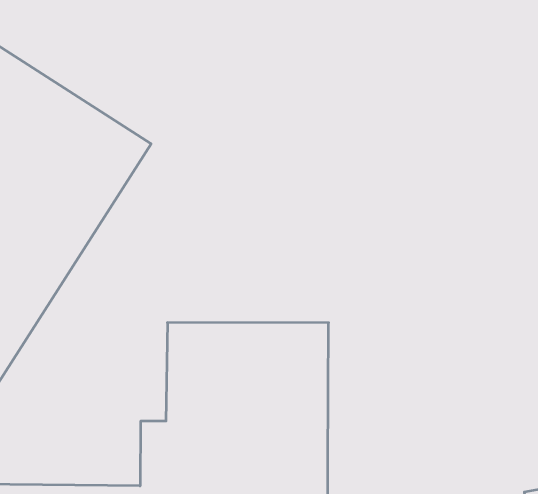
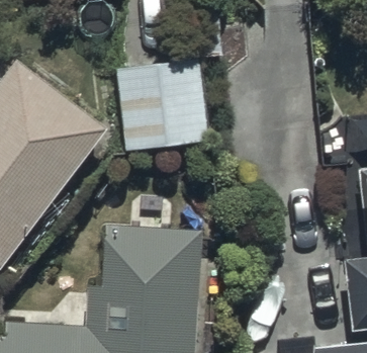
building: none -> [115,60,209,156]

